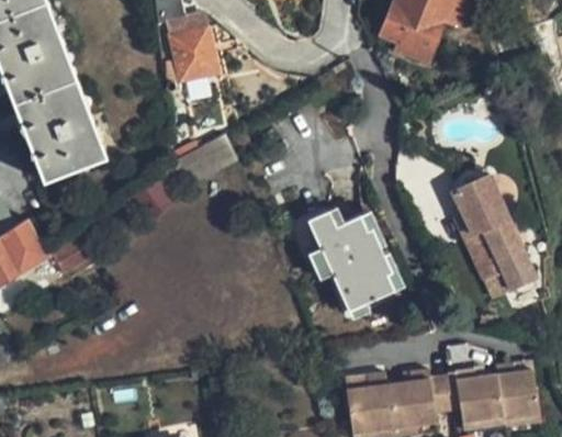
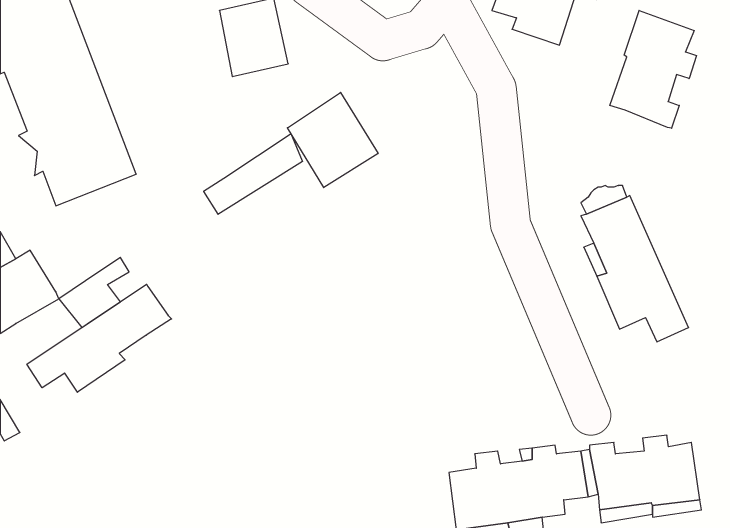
building: none -> [610,10,697,128]
building: none -> [287,92,378,188]
building: [306,209,393,311] -> none
building: none -> [27,284,172,392]

